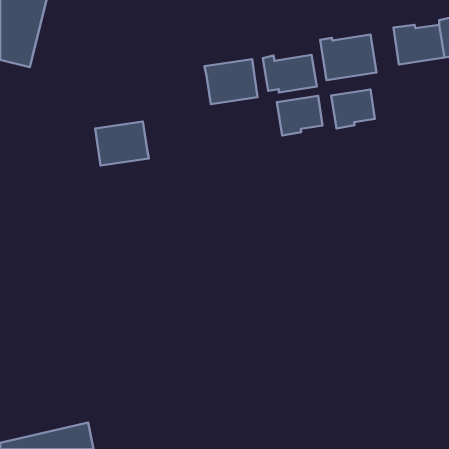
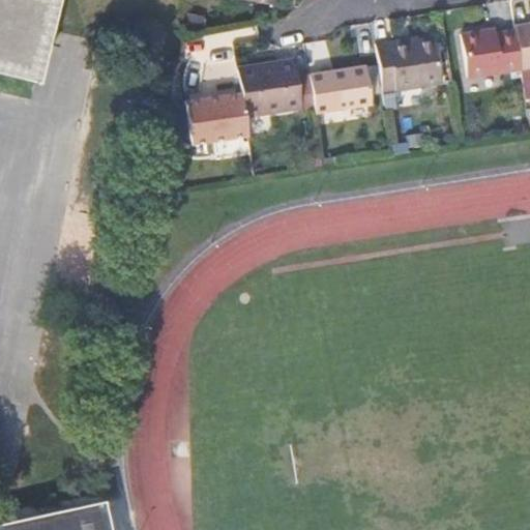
building: [331,90,375,128] -> none
building: [277,96,322,136] -> none
building: [95,121,149,165] -> [188,89,252,141]

